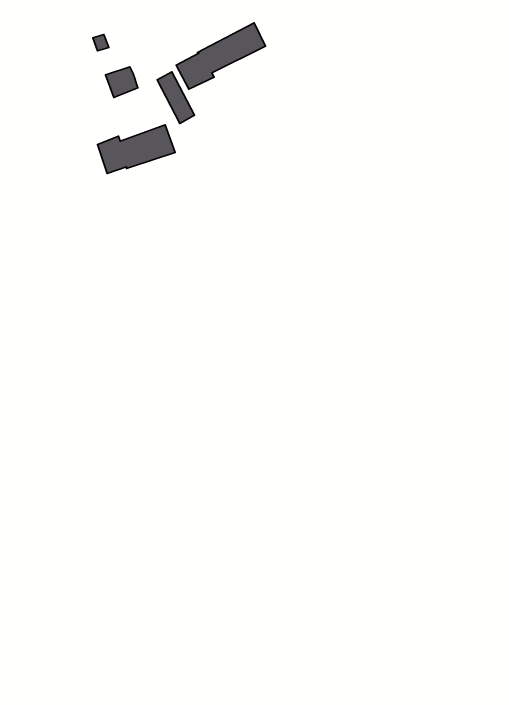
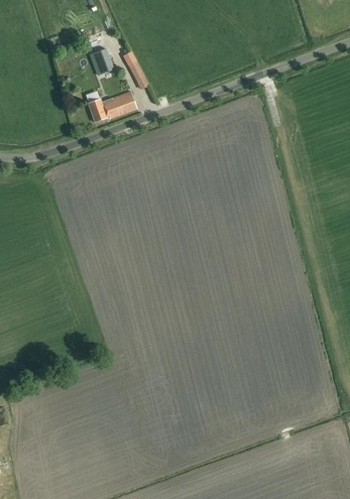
building: [176,23,266,89] -> none

